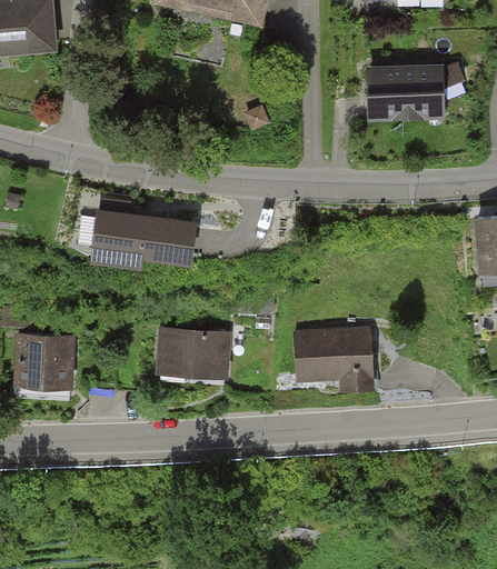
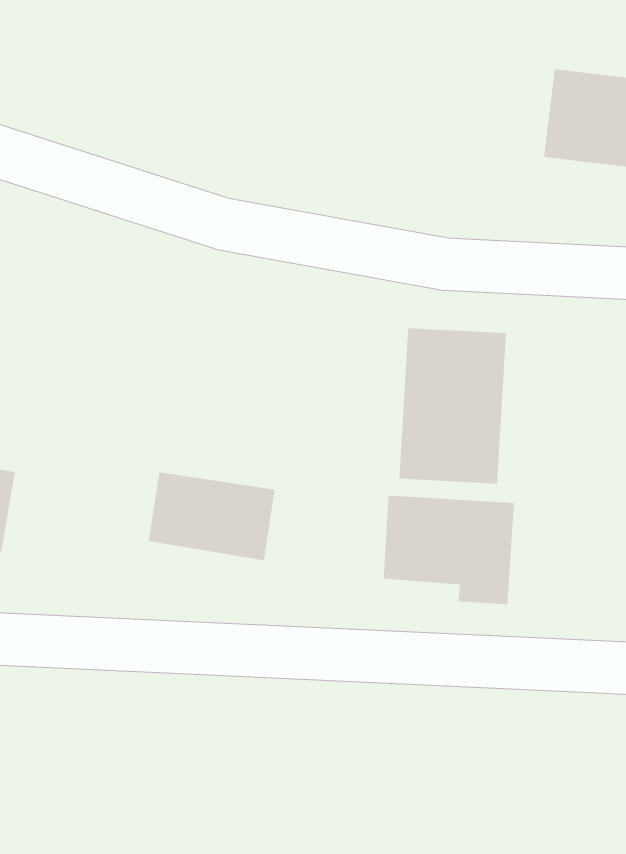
building: [93,211,189,263] -> none
building: none -> [398,327,507,484]

